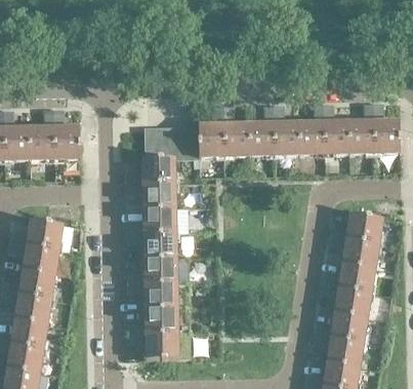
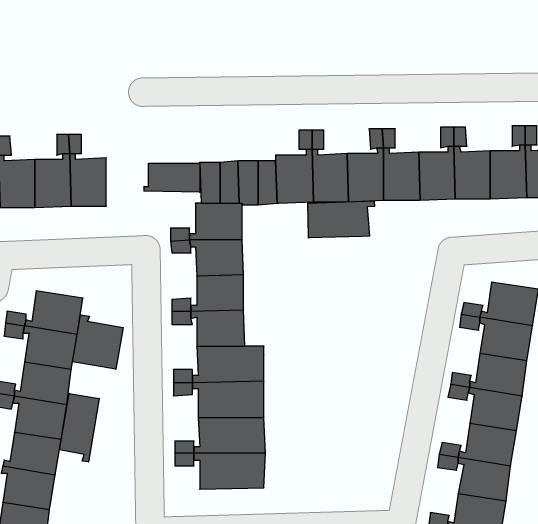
building: none -> [144,163,200,192]
building: none -> [308,201,375,238]
building: none -> [73,315,123,369]
building: none -> [59,393,99,462]

